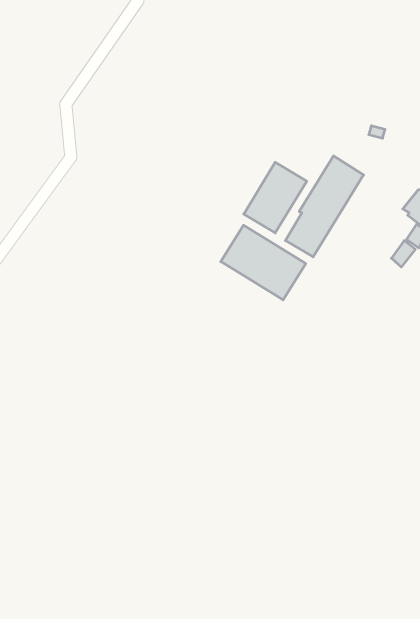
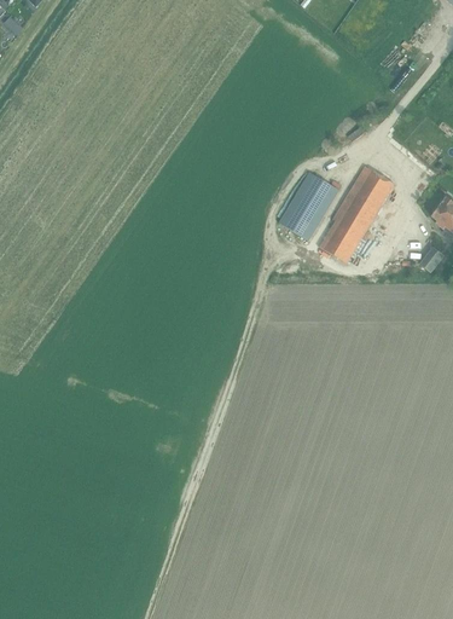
building: [221,225,306,300] -> none

